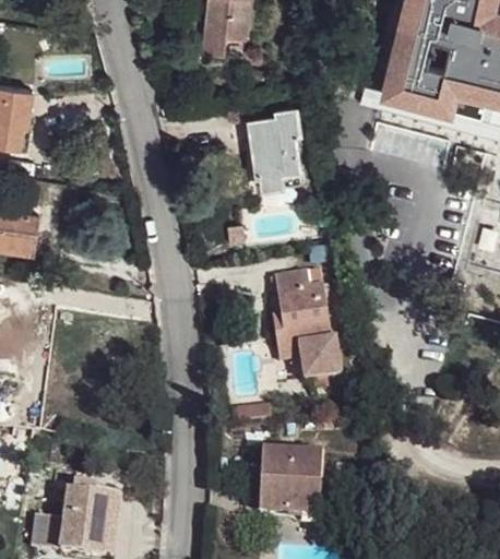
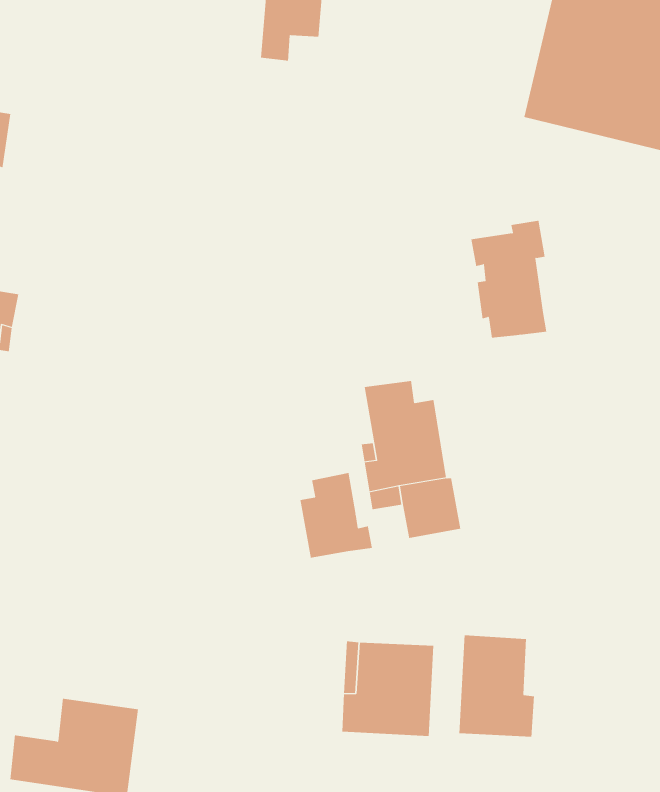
building: [248,107,300,188] -> [471,220,547,338]
building: none -> [300,472,373,558]
building: none -> [459,634,535,738]

